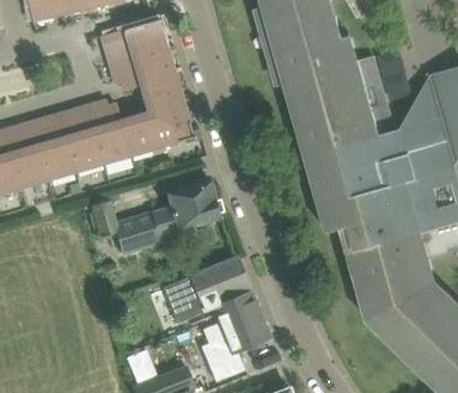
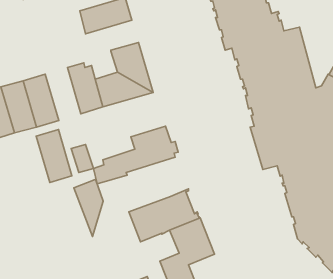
building: [108,47,173,90] -> none
building: [57,105,102,171] -> [36,130,72,182]
building: none -> [74,179,103,236]

